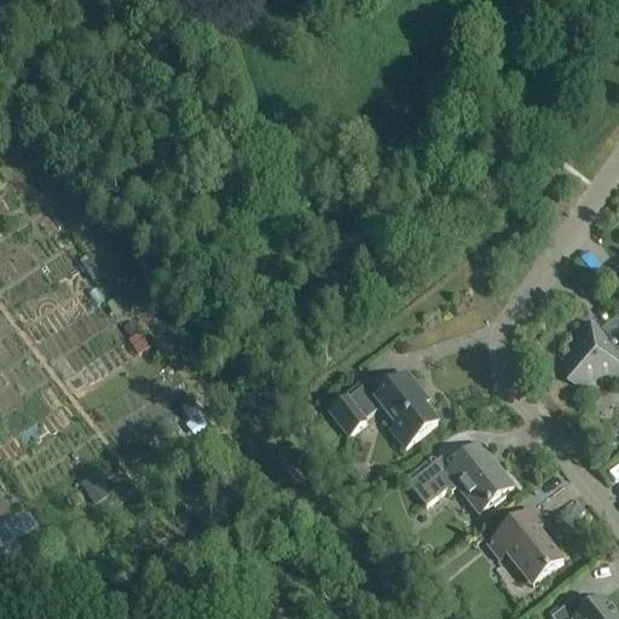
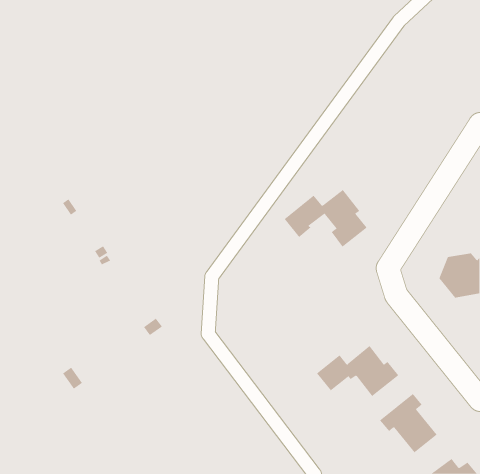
building: [329,370,436,445] -> [284,189,368,247]

